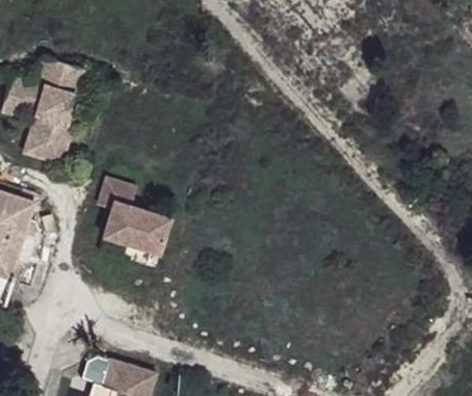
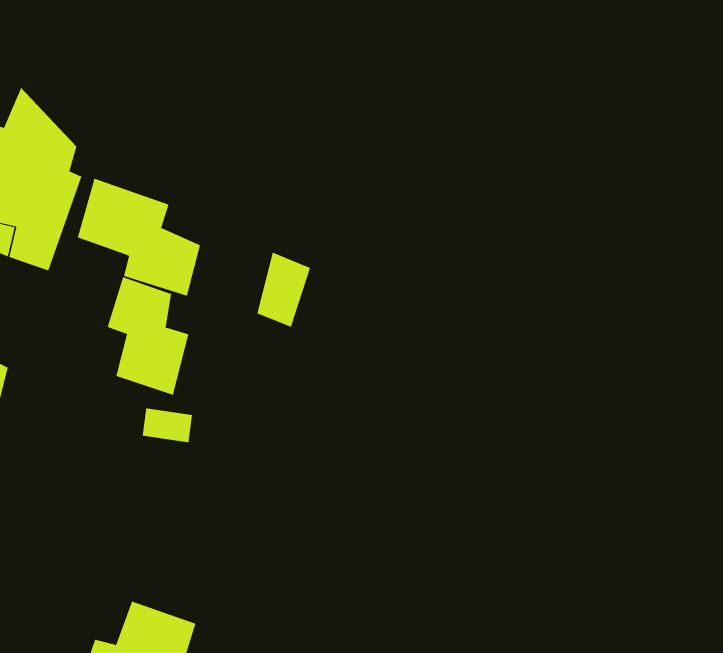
building: none -> [77,178,200,296]
building: [137,201,169,245] -> [257,252,311,327]

